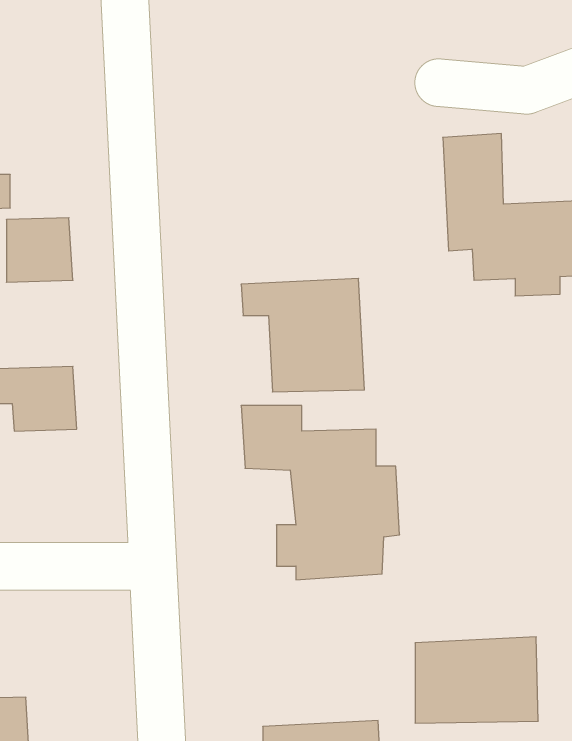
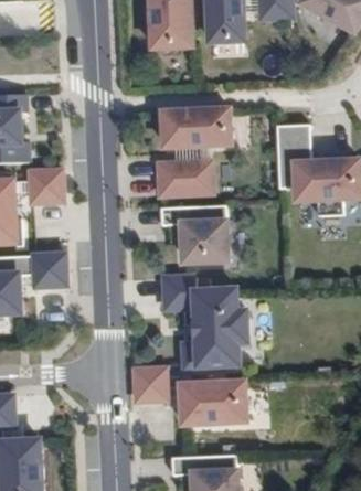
building: none -> [166,106,231,143]
building: none -> [157,158,215,196]
building: none -> [131,364,171,403]
building: [415,637,538,723] -> [178,380,247,428]

